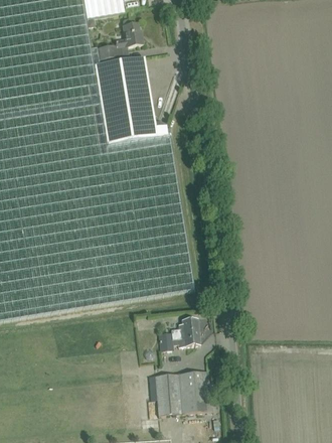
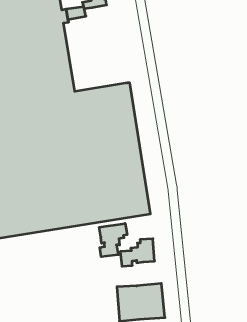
building: [92,56,166,145] -> none
building: none -> [99,223,127,257]

